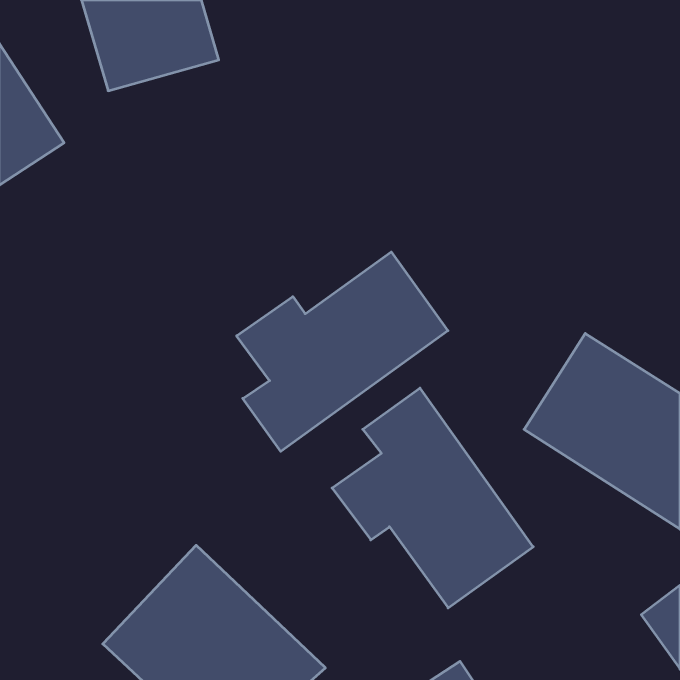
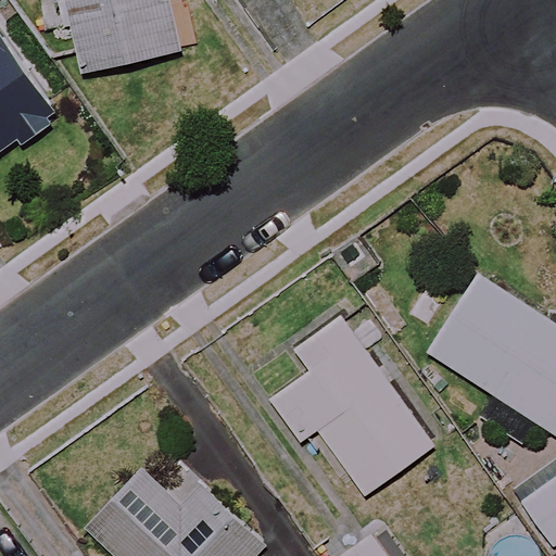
building: [237,252,448,451] -> none

